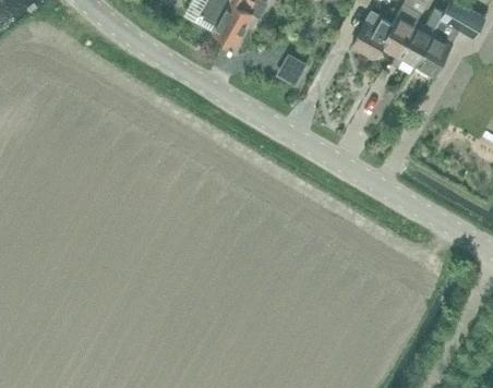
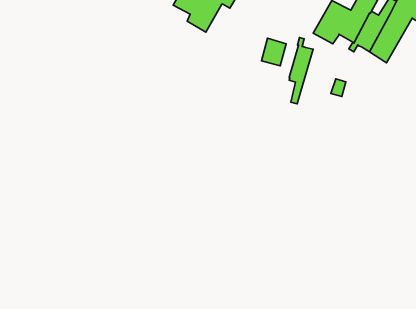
building: none -> [289,38,313,104]

